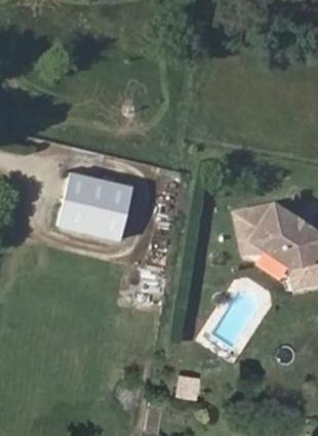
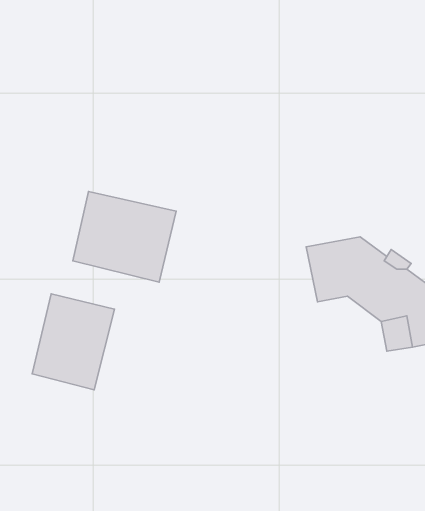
building: none -> [32,294,115,390]

